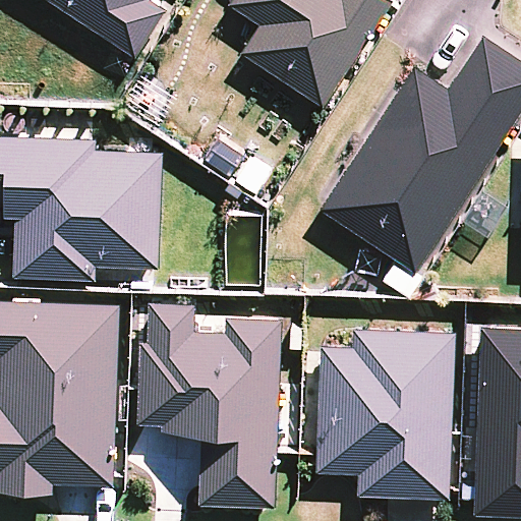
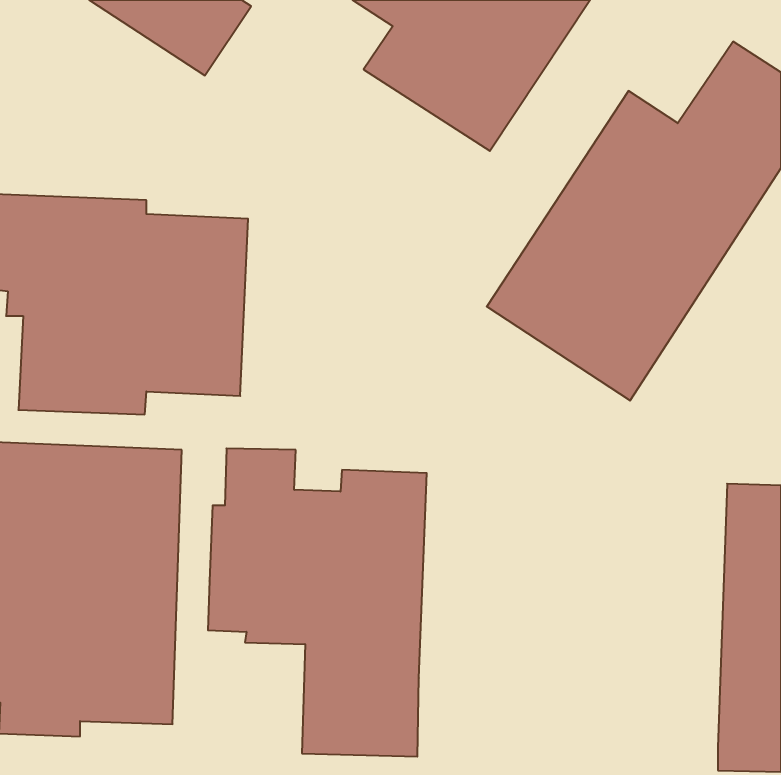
building: [316,328,456,500] -> none

